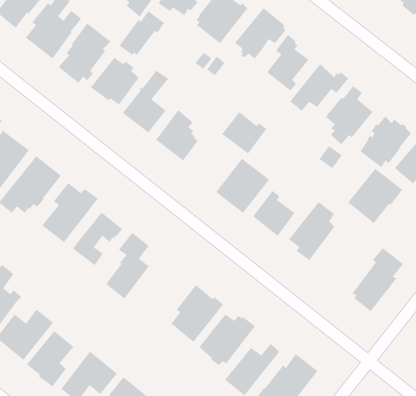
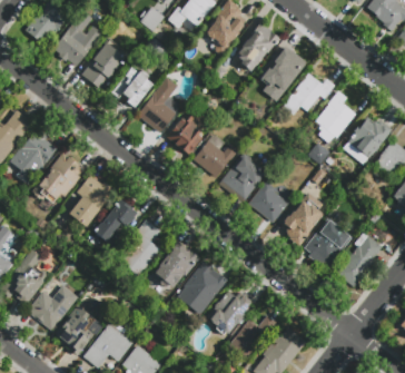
building: [119,10,165,56] -> none
building: [221,111,267,155] -> [192,139,233,177]
building: [347,168,403,224] -> [304,218,353,267]
building: none -> [151,244,201,296]

